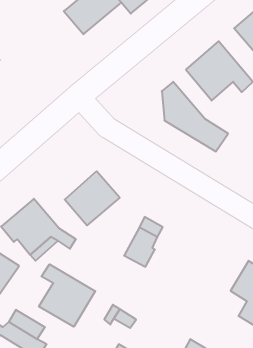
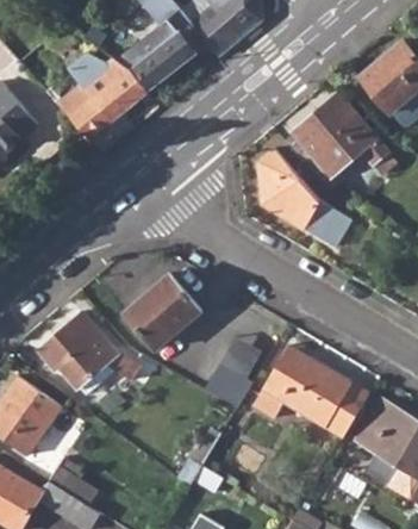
building: none -> [56,50,146,137]
building: none -> [251,350,368,436]
building: [39,264,95,327] -> none

